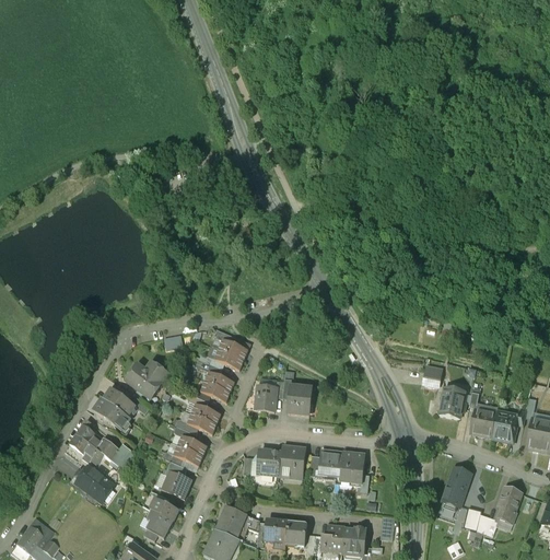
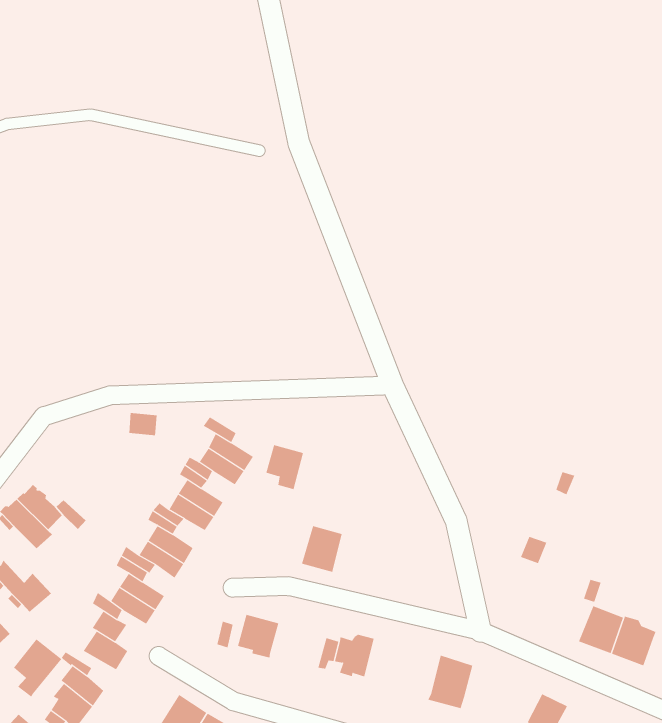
building: [127,362,166,397] -> none
building: [255,385,277,411] -> [266,445,304,490]
building: [440,388,465,418] -> none
building: [279,445,305,477] -> none
building: [339,451,364,482] -> [428,655,473,709]
building: none -> [13,638,62,697]

